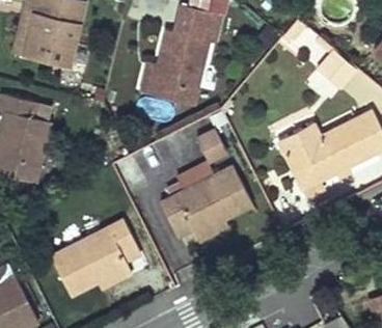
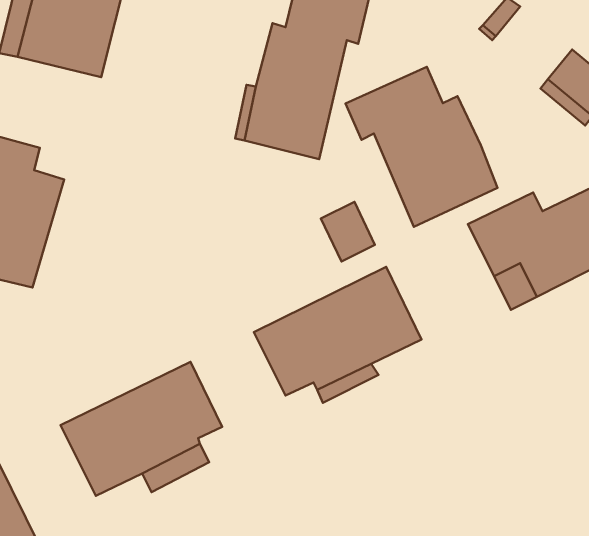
building: none -> [346,67,497,227]

